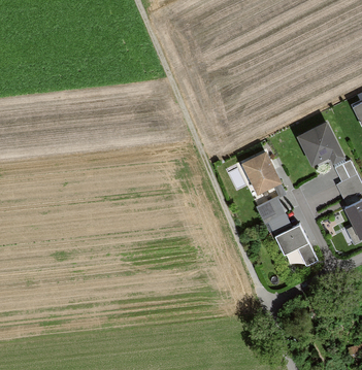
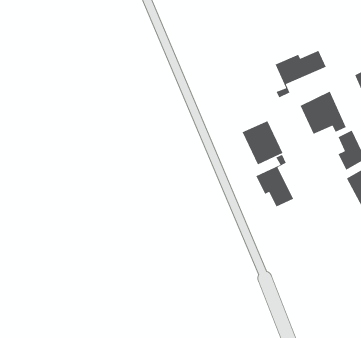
building: none -> [275,50,327,98]
building: [276,225,319,267] -> none

